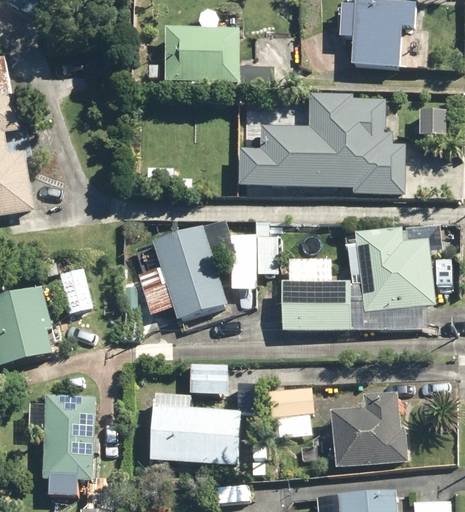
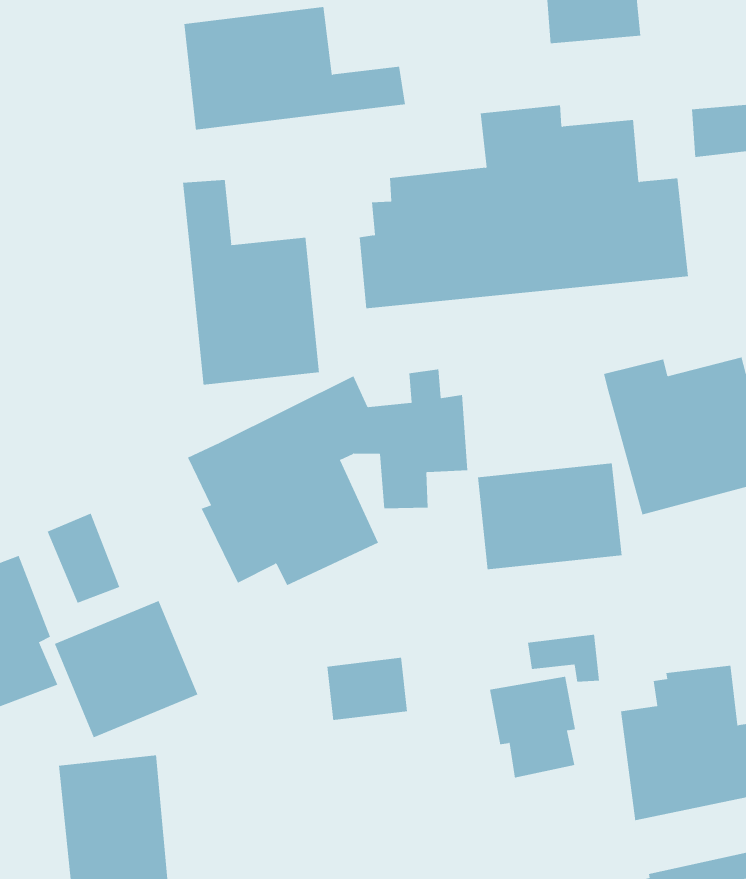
building: none -> [183,179,320,386]
building: none -> [54,600,198,738]
building: [149,389,252,462] -> none

